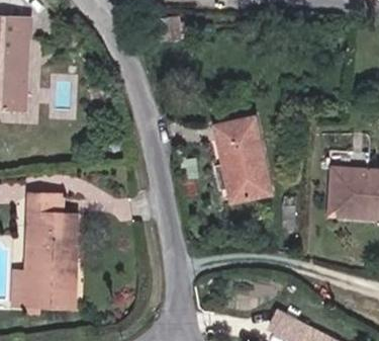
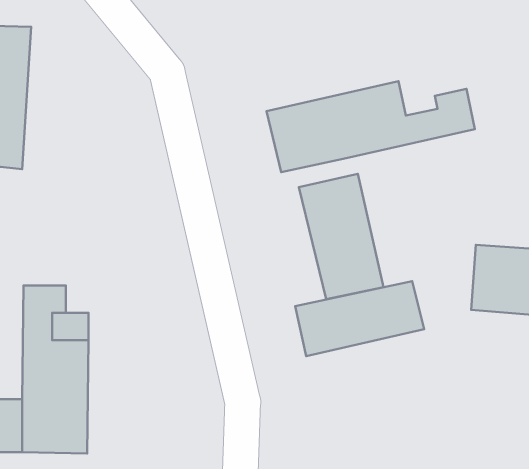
building: none -> [267,81,475,172]
building: none -> [295,281,424,356]

